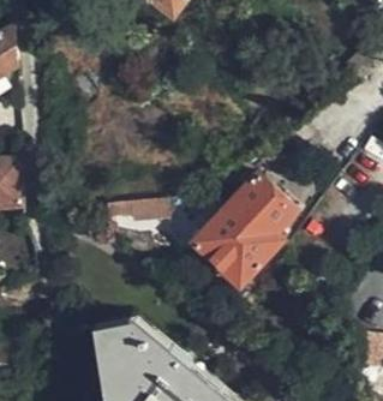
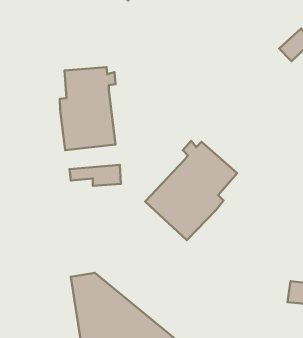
building: none -> [60,67,115,150]

